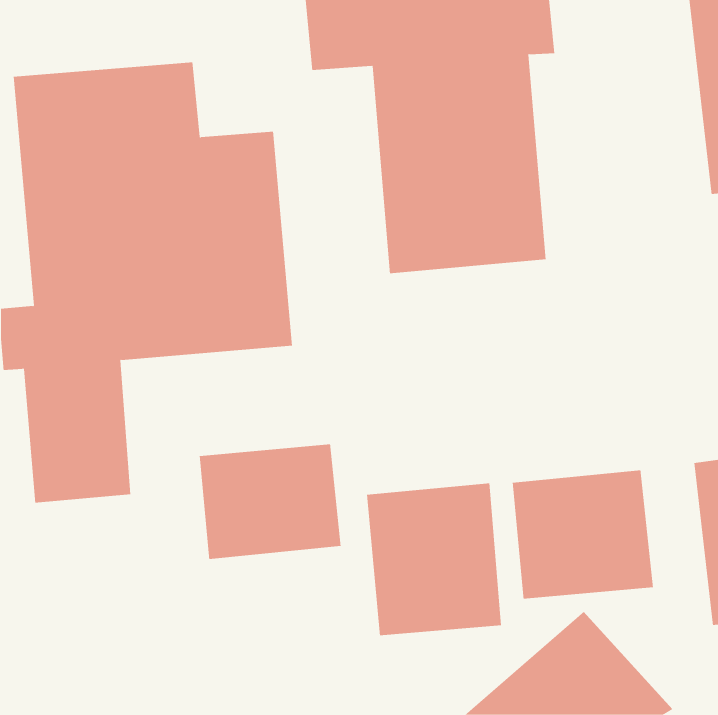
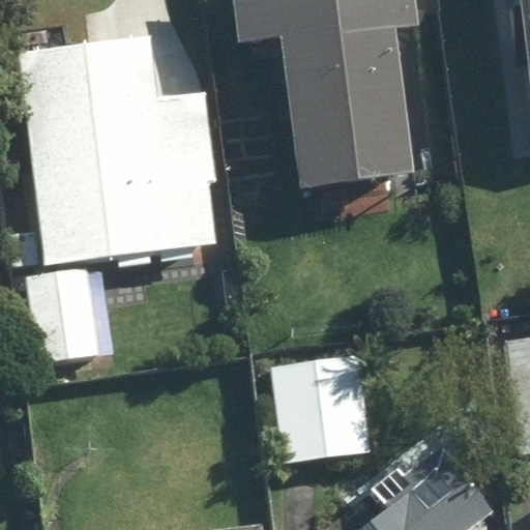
building: [199,443,341,560] -> none
building: [512,469,653,600] -> none

